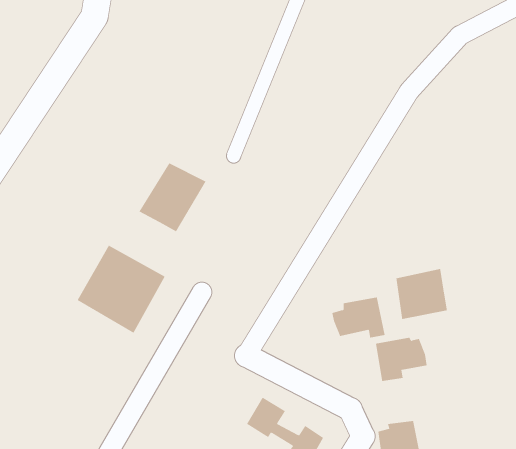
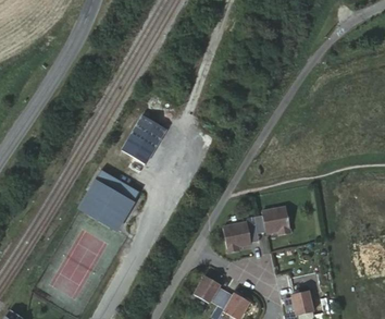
building: [396,268,447,320] -> none
building: [375,337,427,381] -> [224,221,260,251]

